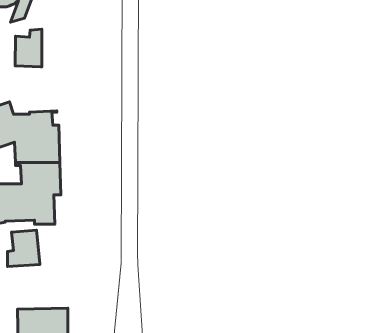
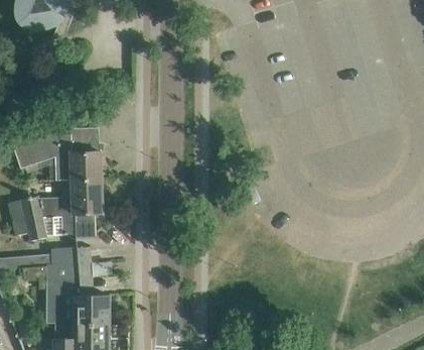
building: [15,29,42,67] -> none
building: none -> [48,280,109,325]

